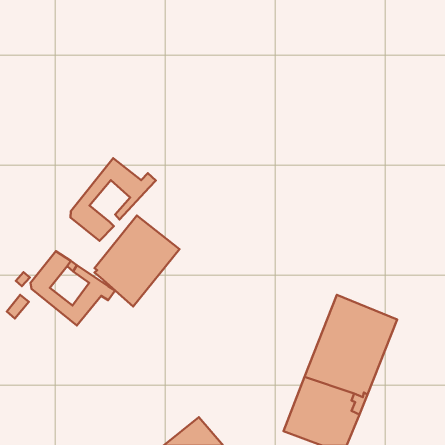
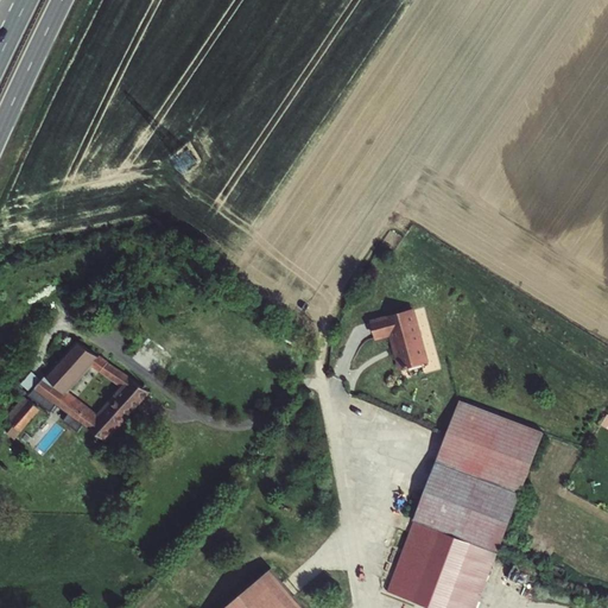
building: [71,158,156,241] -> none
building: [94,215,179,307] -> none
building: none -> [372,312,429,373]

